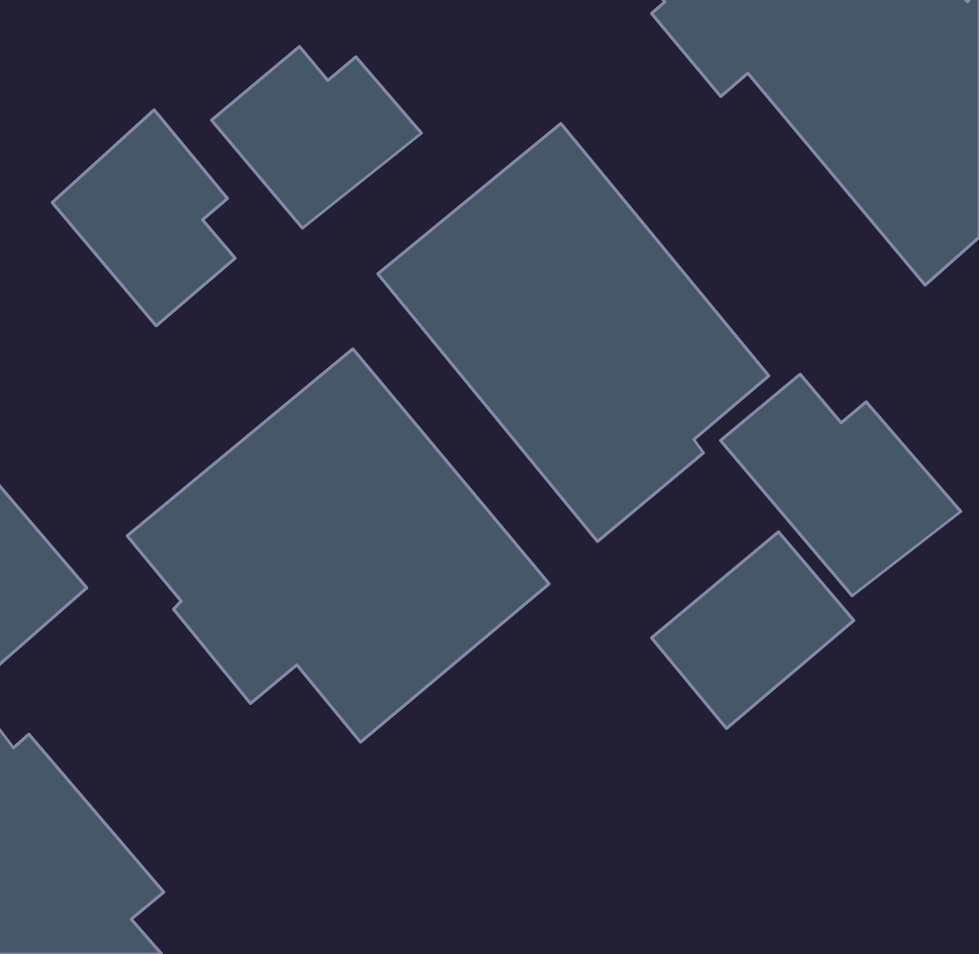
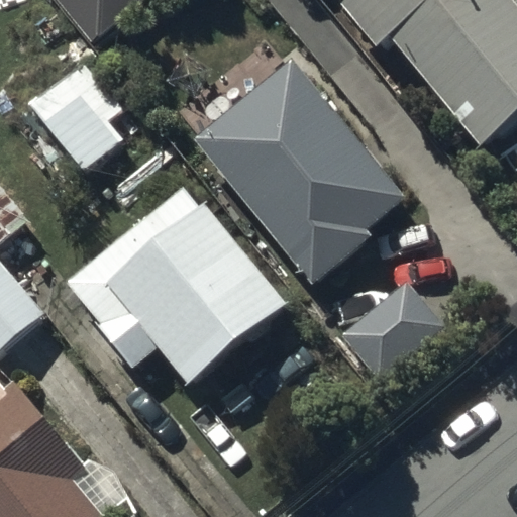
building: [211,46,422,228] -> none
building: [721,374,961,596] -> none

